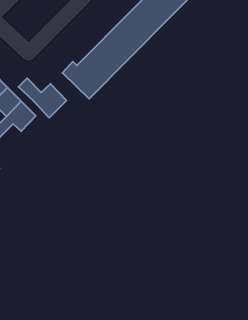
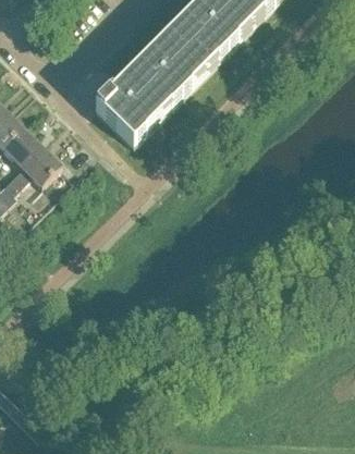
building: [18,78,66,118] -> none

